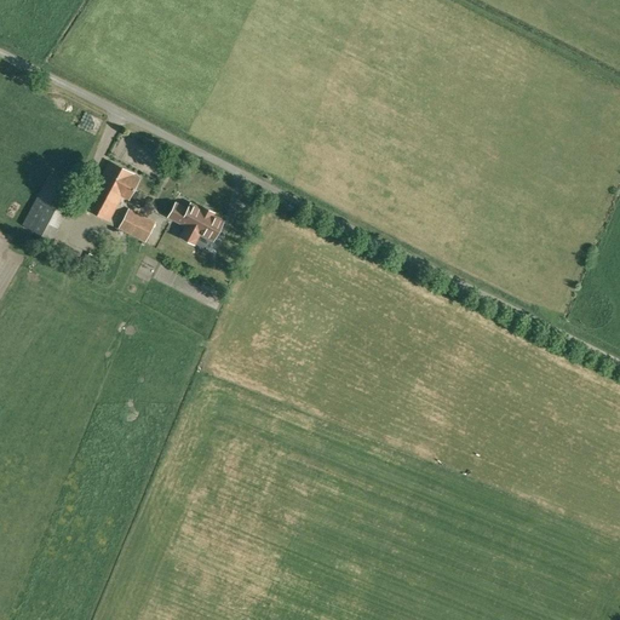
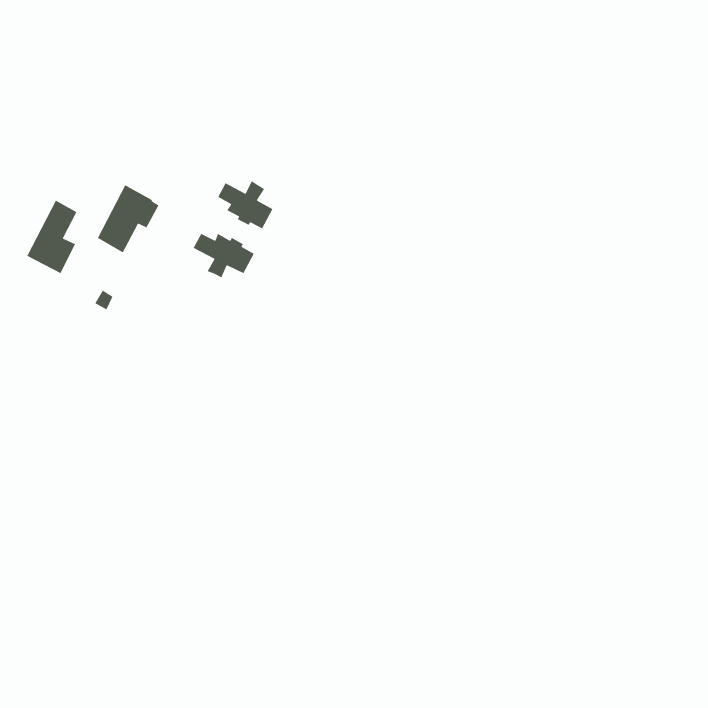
building: none -> [217,180,273,229]
building: [119,209,155,241] -> none

